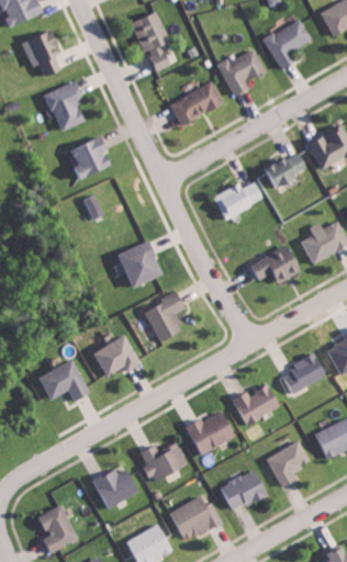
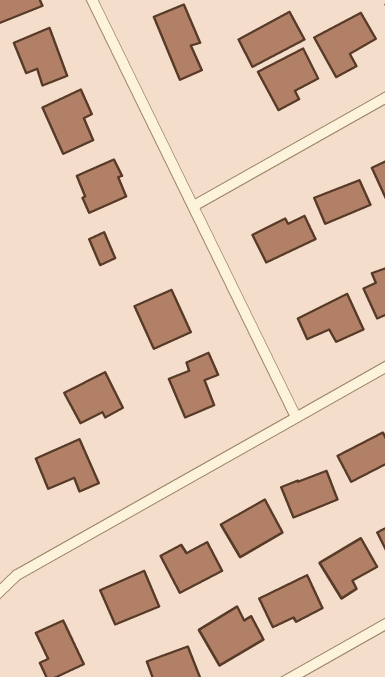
building: [168,81,221,125] -> [239,12,304,67]
building: [91,336,138,376] -> [64,372,123,423]

